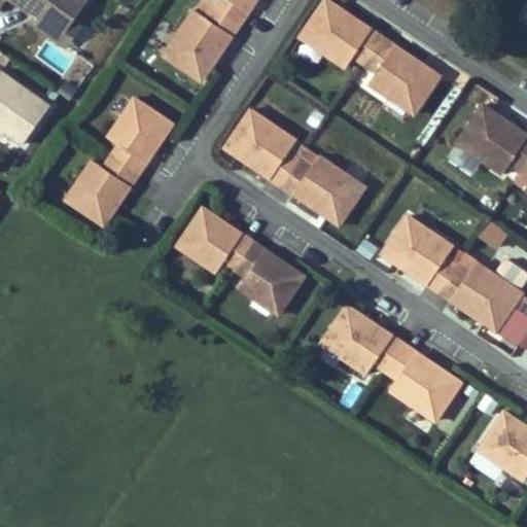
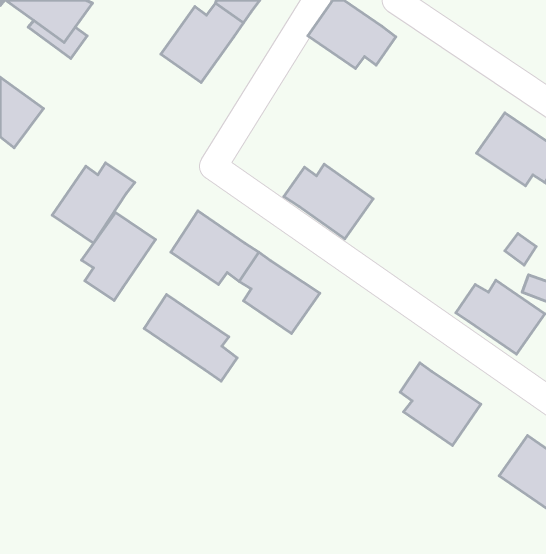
building: [365,36,441,113] -> none
building: [106,91,176,174] -> [82,212,156,300]
building: [221,109,297,187] -> none
building: [383,220,459,297] -> none
building: none -> [144,294,237,381]
building: [322,306,407,376] -> none

